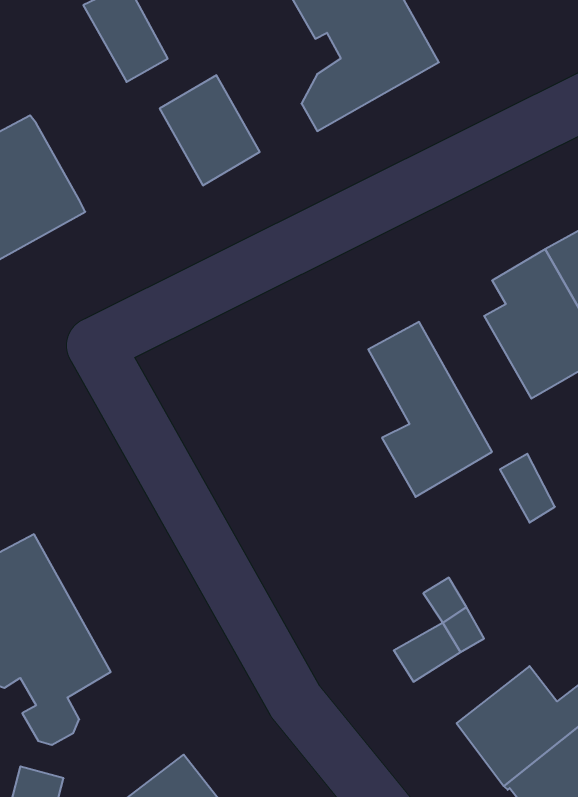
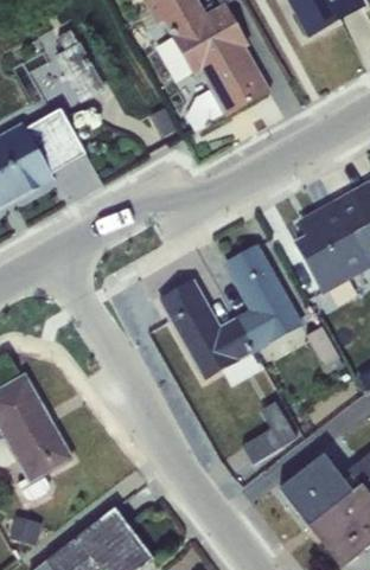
building: [160,75,260,185] -> [26,105,87,172]
building: none -> [160,280,255,376]

